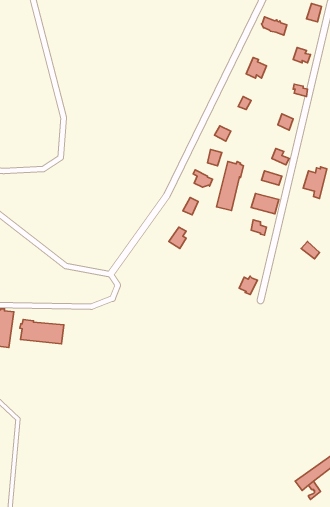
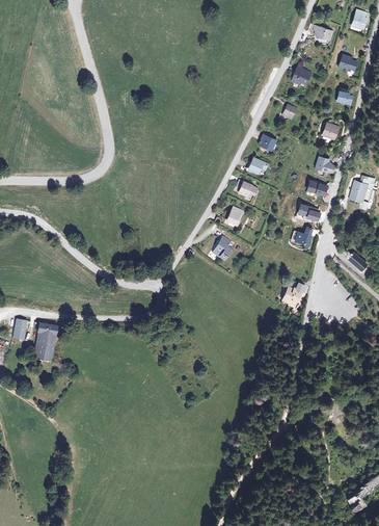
building: [217,161,244,211] -> none
building: [20,319,64,344] -> none

